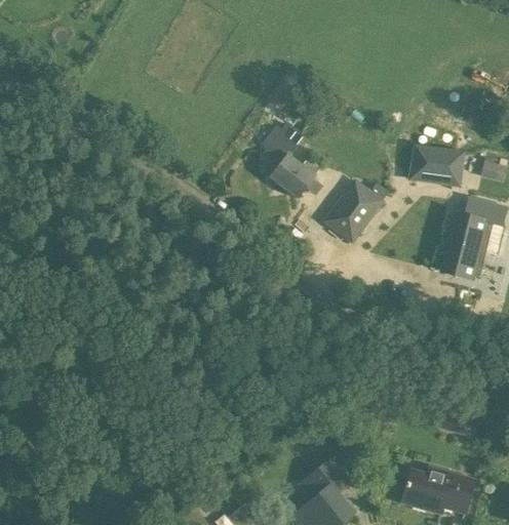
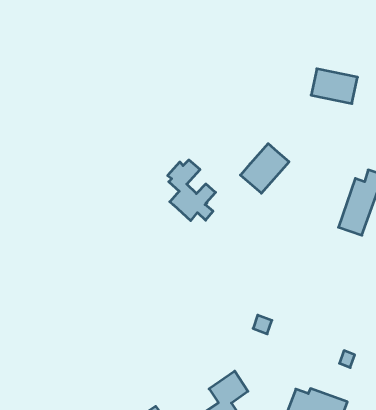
building: [265,125,323,197] -> [168,160,216,221]
building: [410,146,464,184] -> [311,69,358,104]

